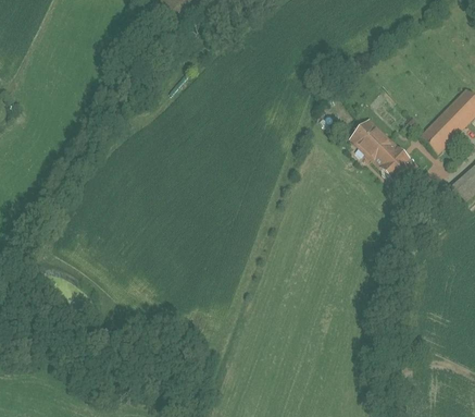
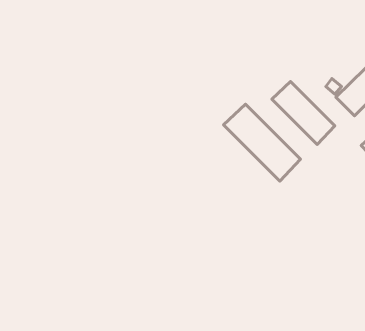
building: none -> [223,104,301,181]

